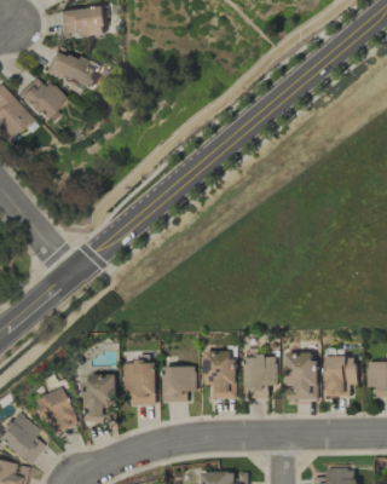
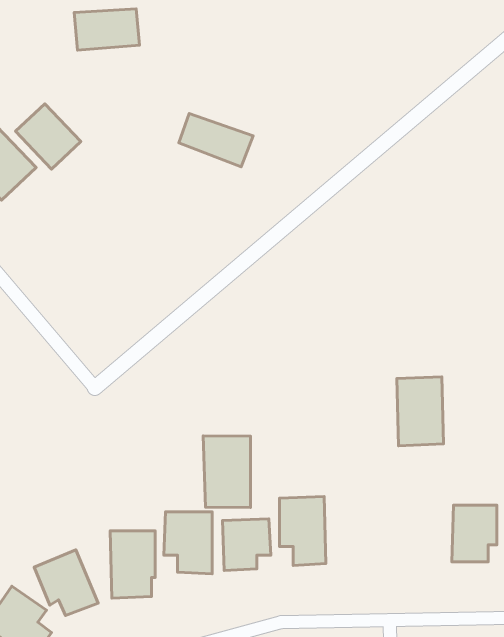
building: [46,51,98,88] -> [179,113,253,167]
building: none -> [203,436,251,508]
building: [284,351,317,399] -> [397,377,443,446]
building: [243,356,277,398] -> none

